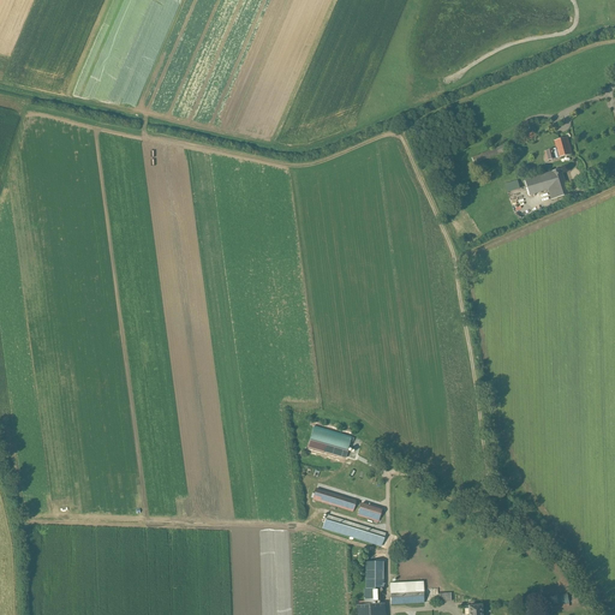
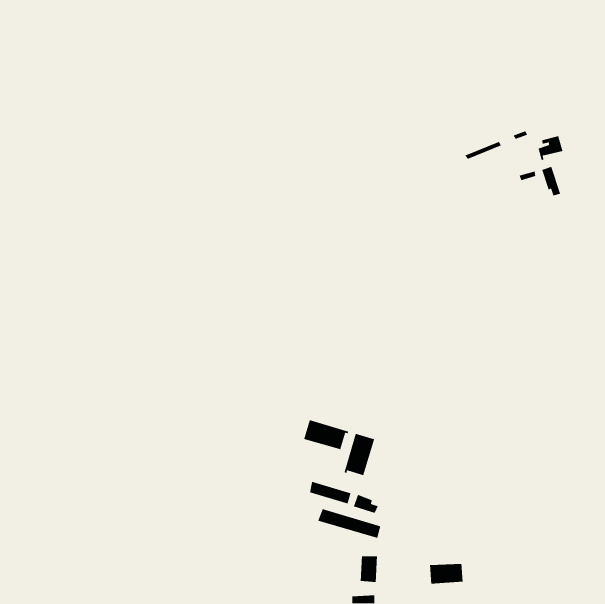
building: none -> [344,433,375,476]
building: [390,583,425,604] -> [429,563,463,585]

